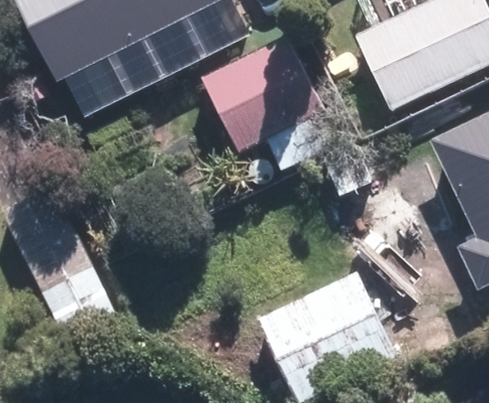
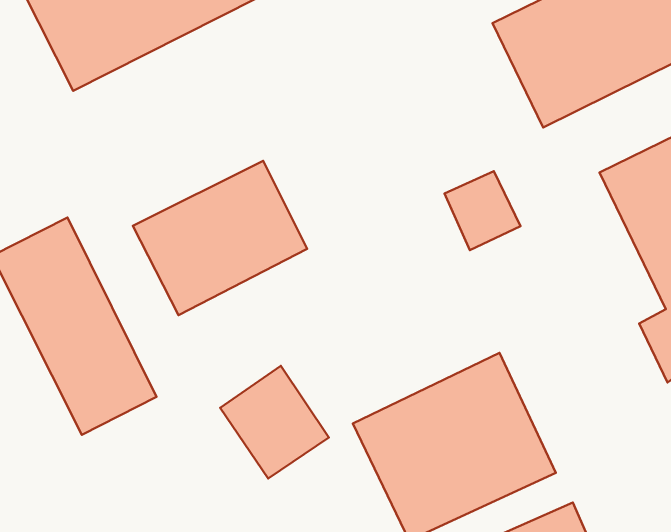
building: [202,37,331,168] -> none
building: none -> [133,161,307,315]

